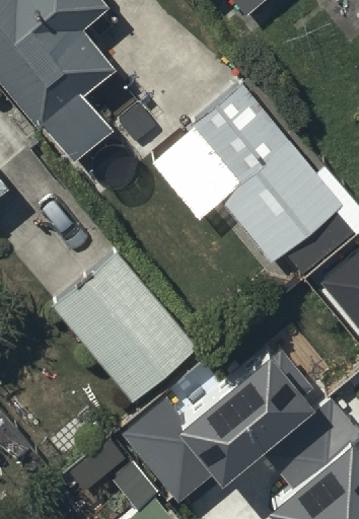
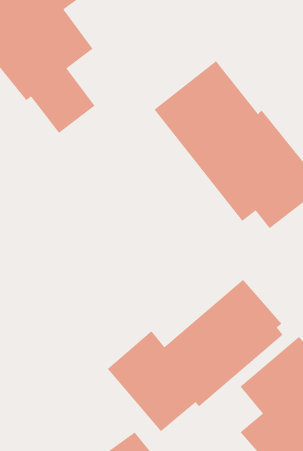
building: [53,256,195,402] -> none

